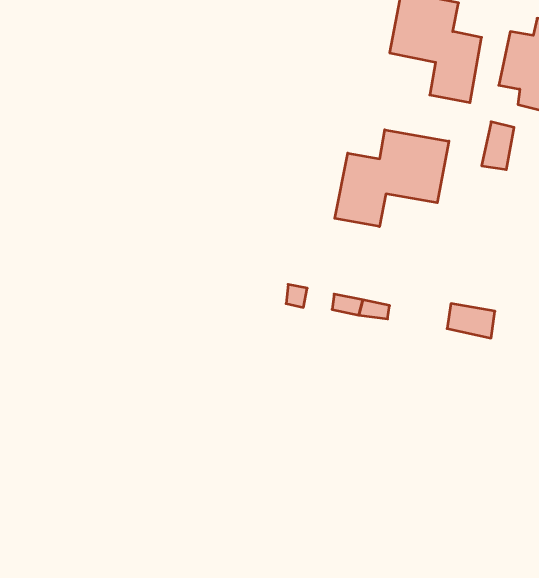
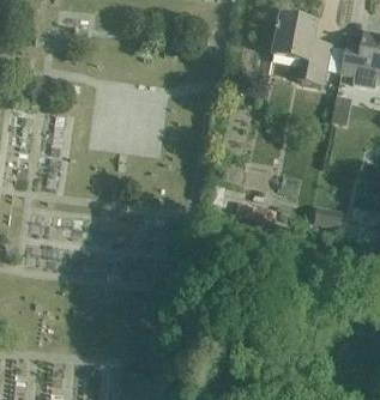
building: [335,130,449,227] -> none

